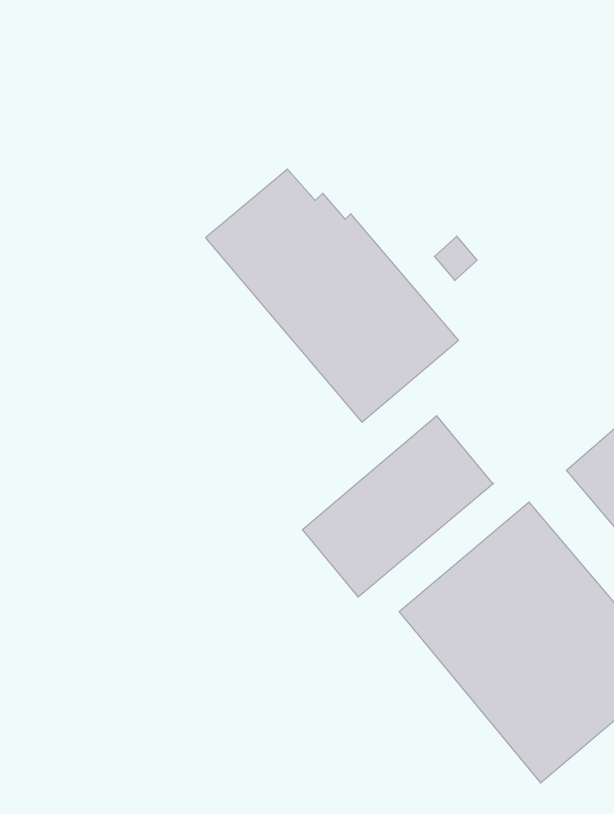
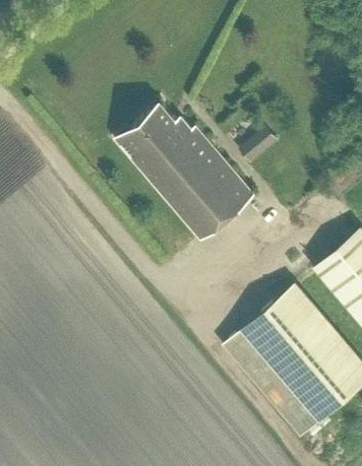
building: [302,416,494,597] -> none

